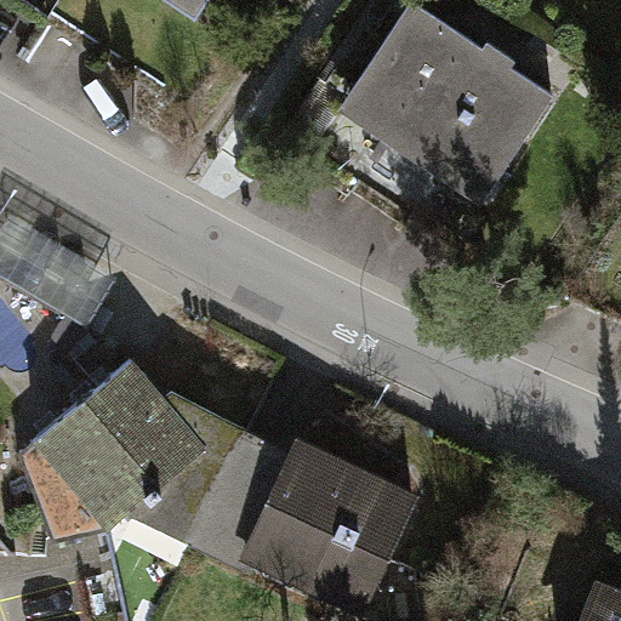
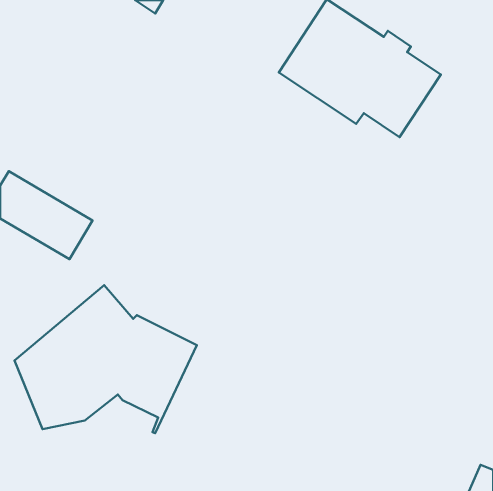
building: [195,437,414,608] -> none

